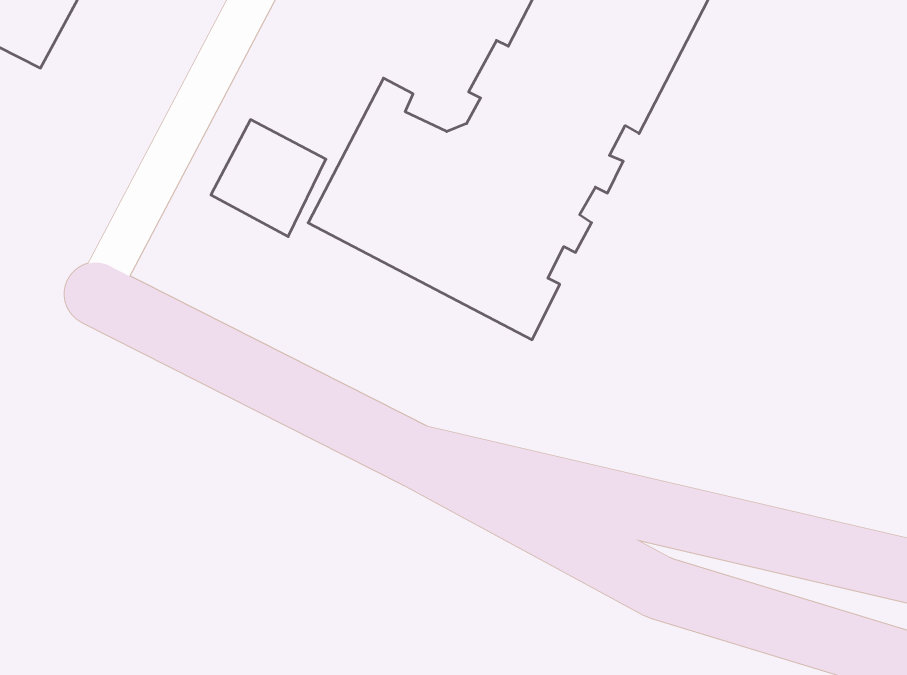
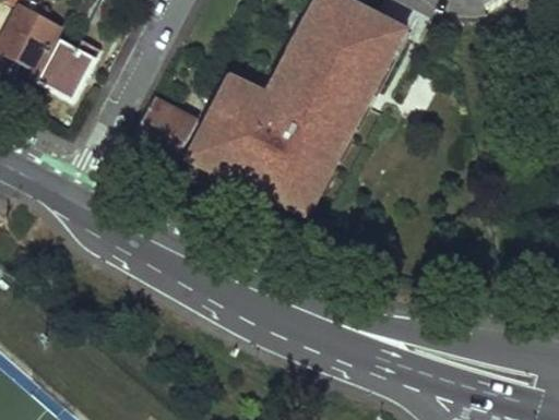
building: none -> [41,35,100,96]

